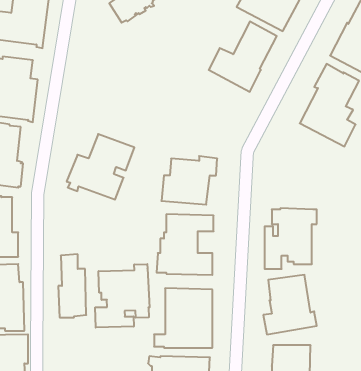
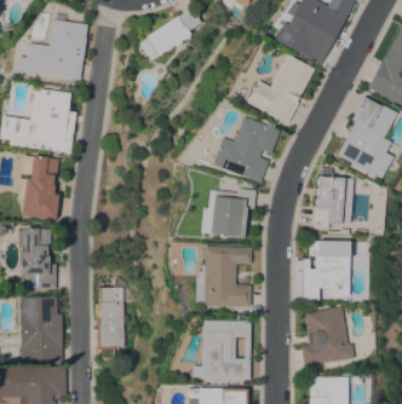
building: [67,134,134,200] -> [212,117,280,183]
building: none -> [314,169,354,229]
building: [95,264,150,328] -> none

